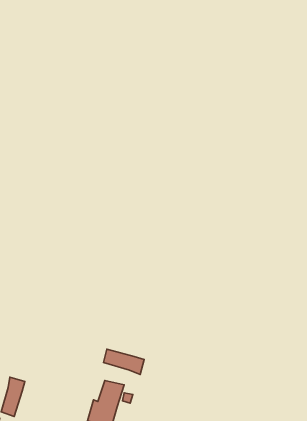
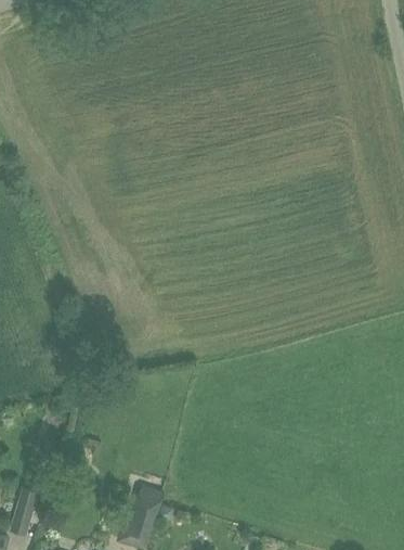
building: [103,349,144,374] -> none

